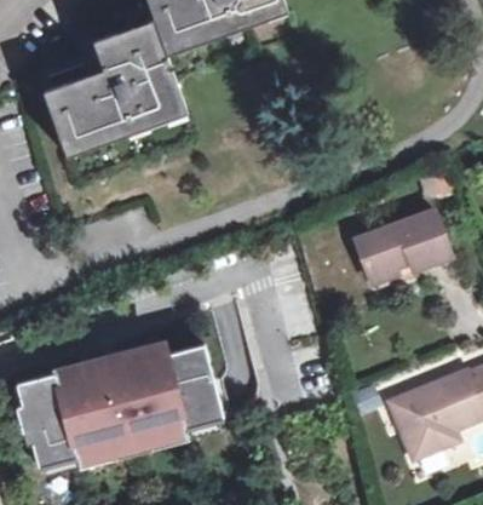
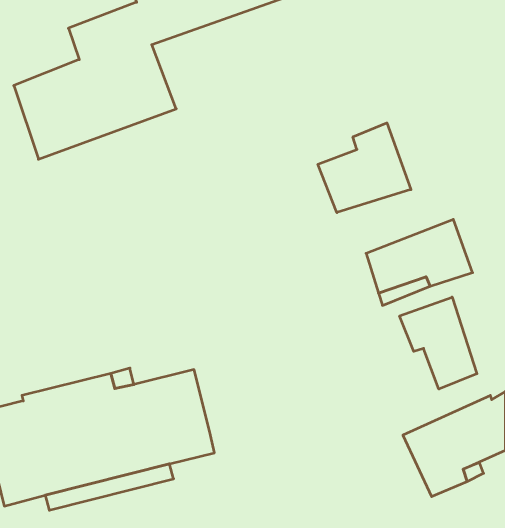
building: none -> [318,123,411,213]
building: none -> [400,297,477,389]

